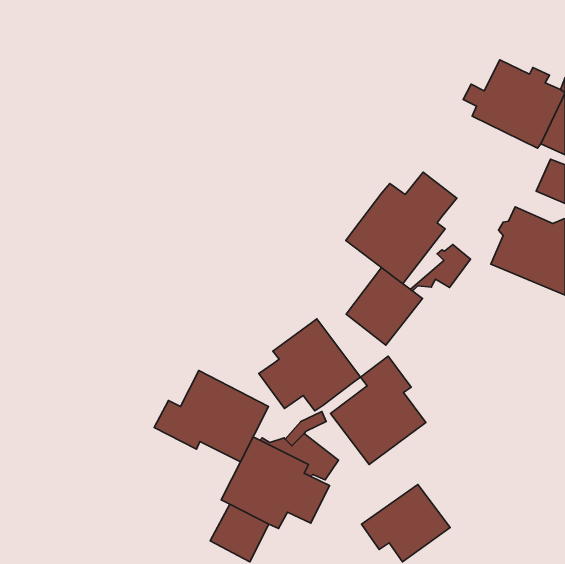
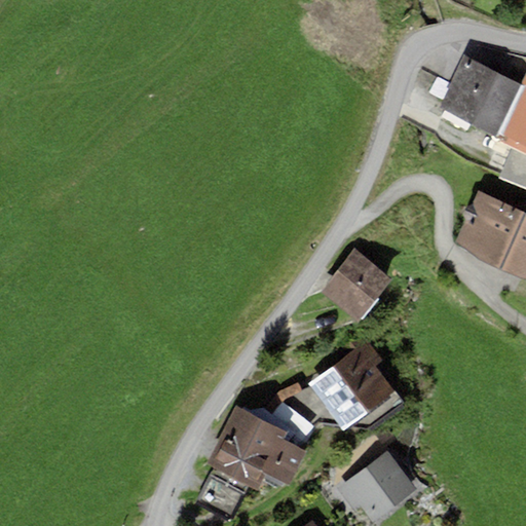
building: [346,172,457,284] -> none
building: [410,245,470,291] -> none
building: [259,319,360,411] -> none
building: [154,371,268,462] -> none

